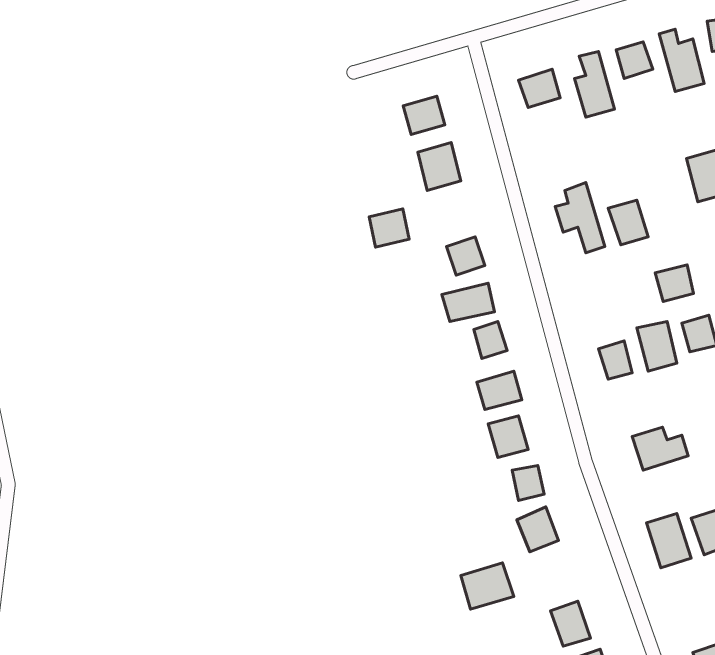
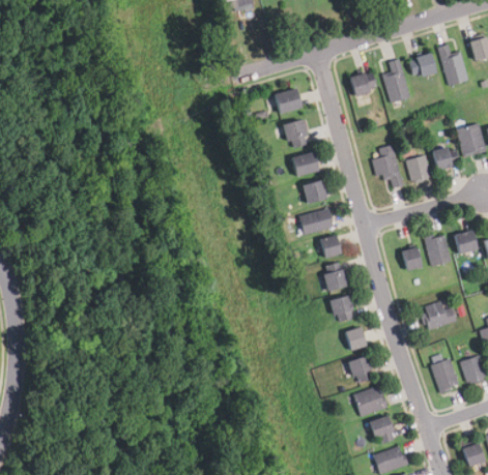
building: [369,209,409,247] -> [291,151,317,176]
building: [655,265,694,302] -> [431,146,456,170]
building: [461,563,514,609] -> [354,385,389,415]

